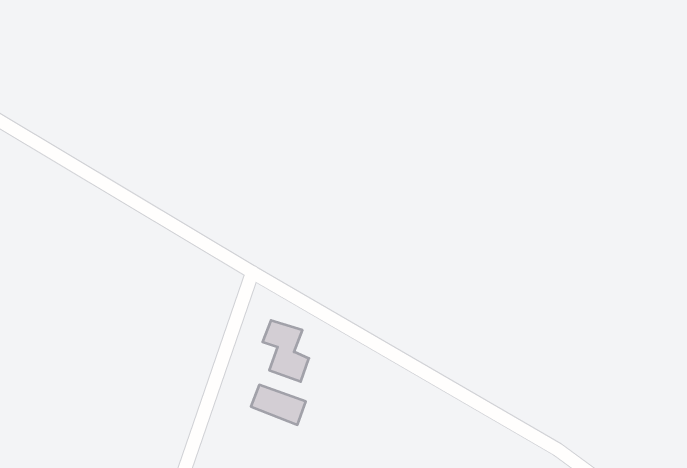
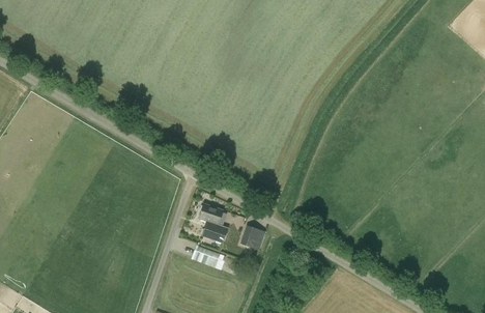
building: none -> [239,225,264,250]

